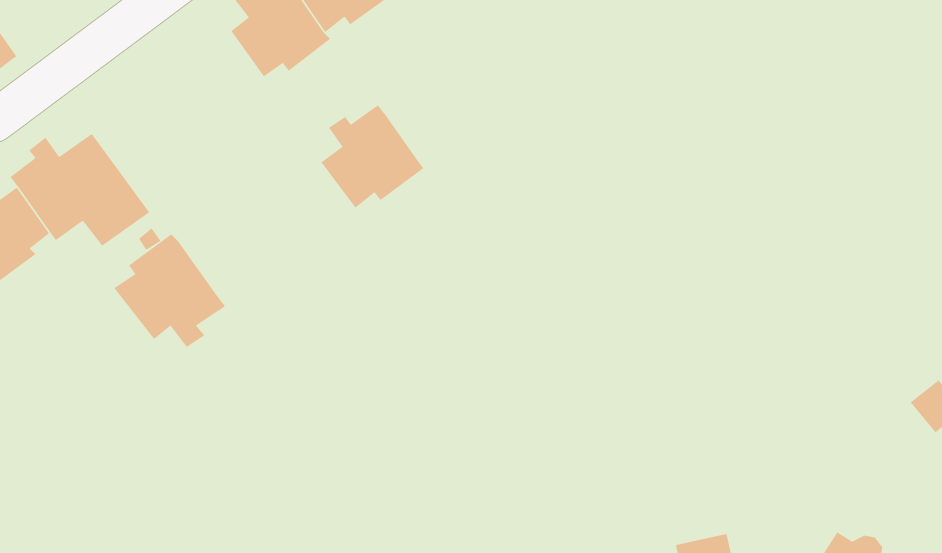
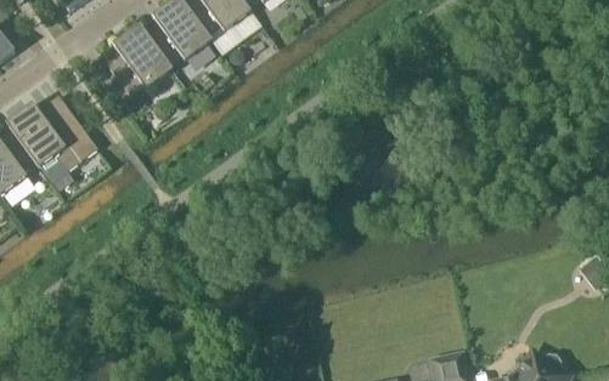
building: [320,105,424,209] -> [107,29,173,95]
building: [114,234,226,348] -> none

